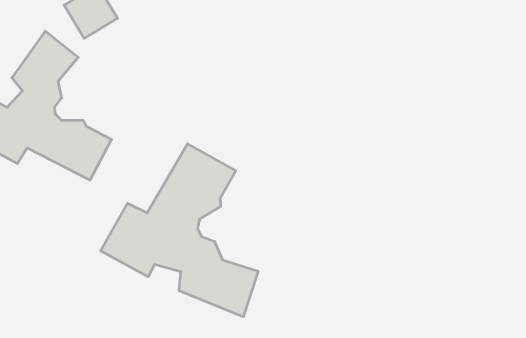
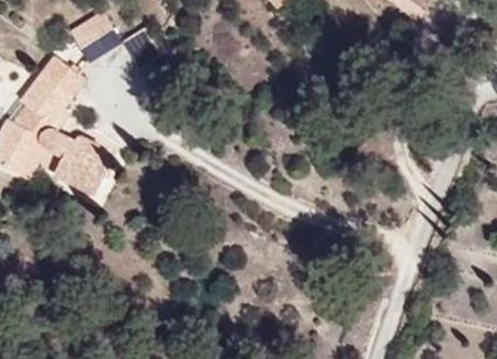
building: [101,144,258,317] -> none

